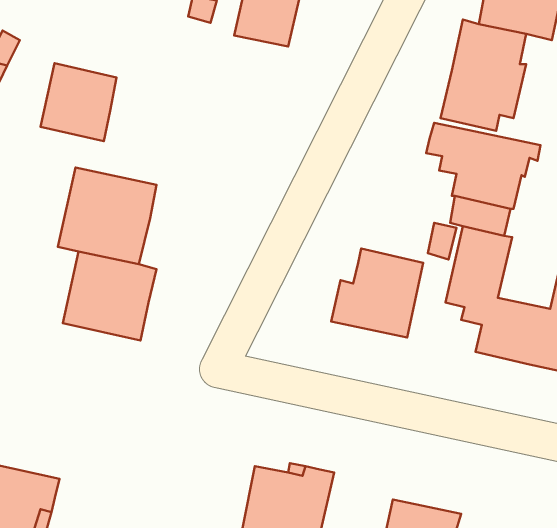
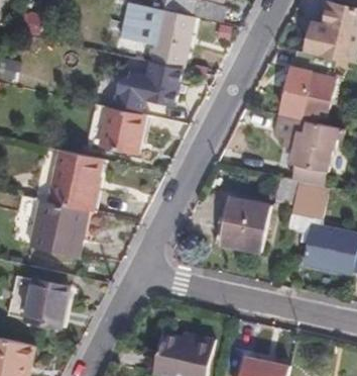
building: none -> [126,62,184,108]
building: [40,63,117,141] -> [103,106,151,156]
building: none -> [23,278,73,331]

